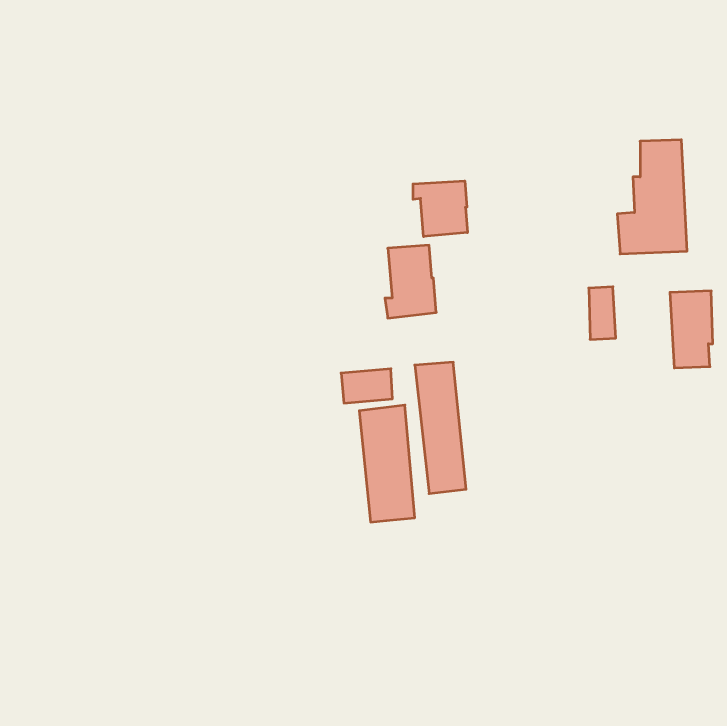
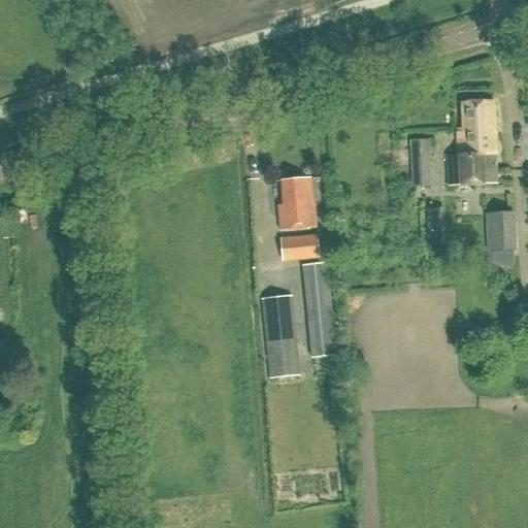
building: [413,181,467,237] -> none
building: none -> [410,138,432,186]
building: [341,369,392,403] -> [282,234,319,259]

